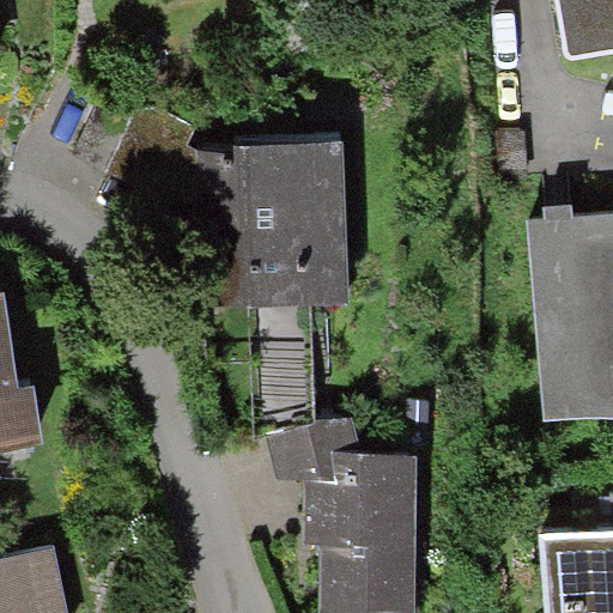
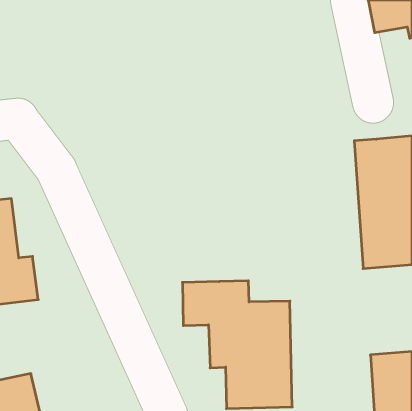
building: [201,147,360,423] -> none

